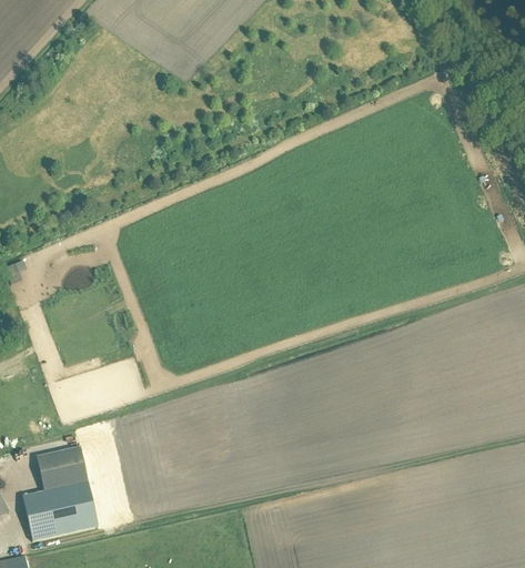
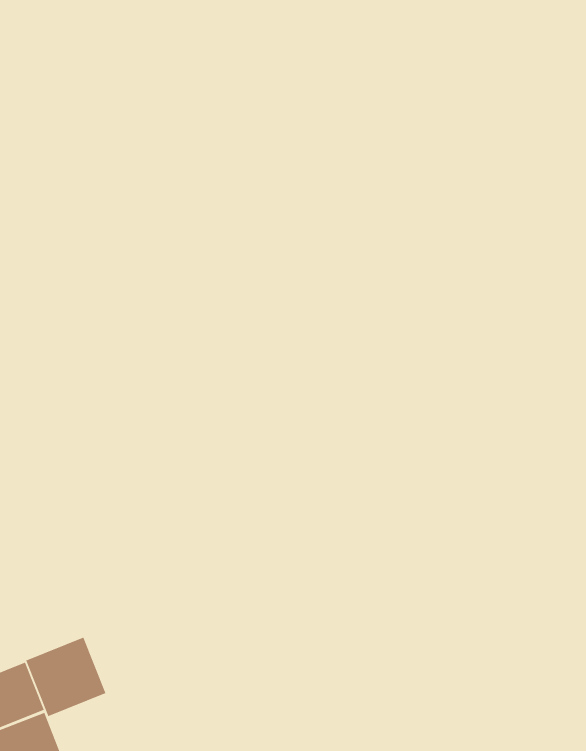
building: none -> [25,636,107,717]

